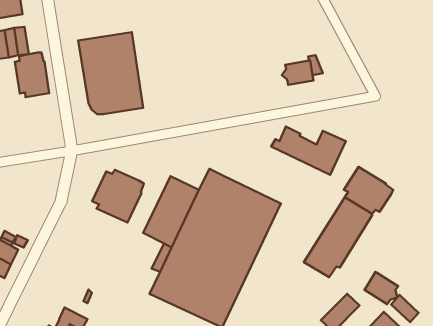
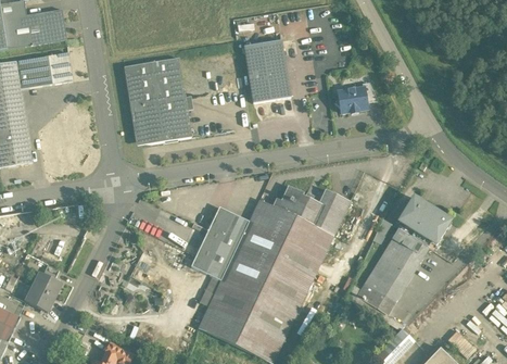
building: none -> [244,39,290,102]
building: [15,52,49,97] -> none
building: [271,126,346,175] -> [272,185,350,235]
building: [92,170,144,223] -> none
building: [364,272,398,304] -> none

